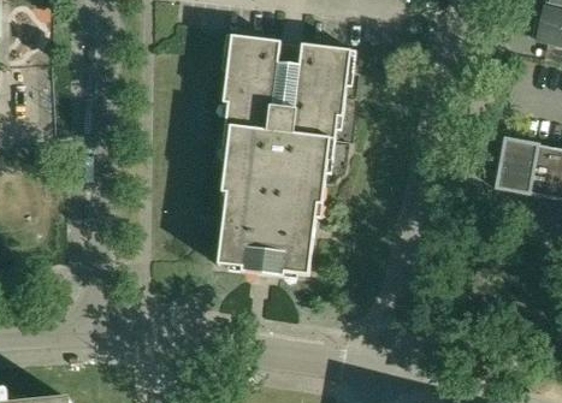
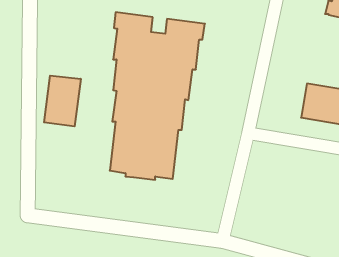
building: none -> [44,76,81,126]

